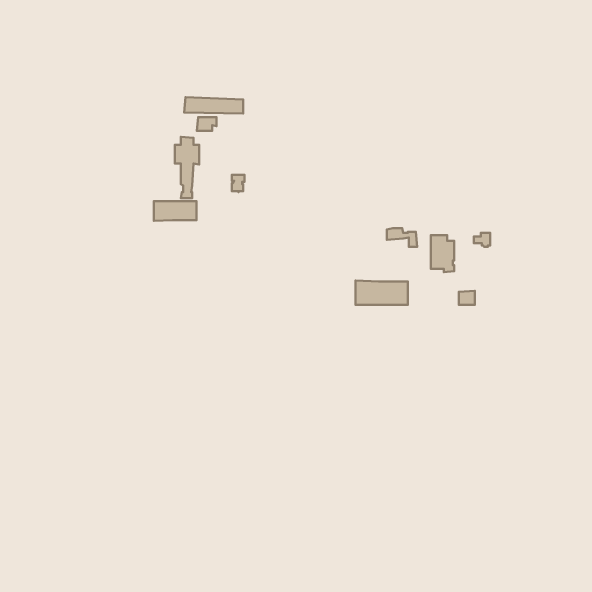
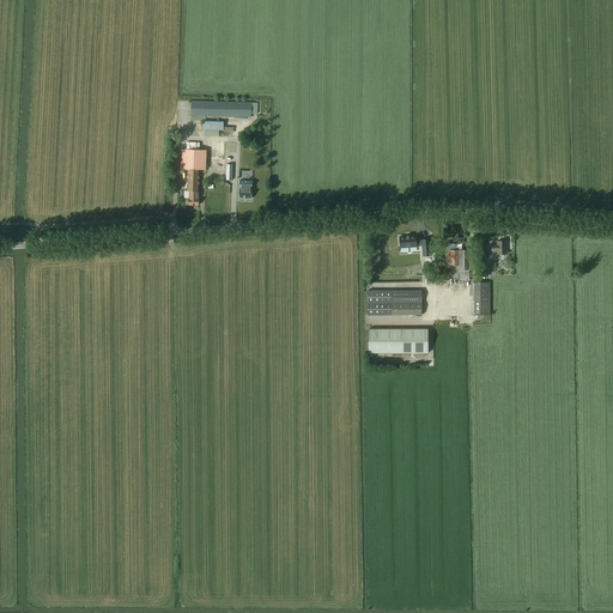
building: [154,201,197,221] -> none
building: none -> [369,328,429,353]

